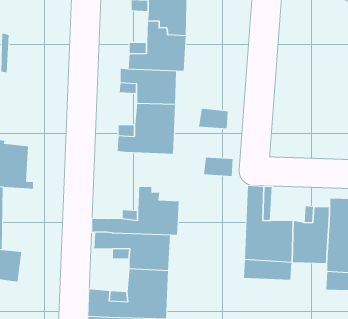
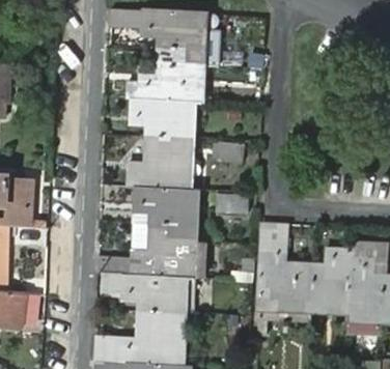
building: none -> [133,189,196,240]

